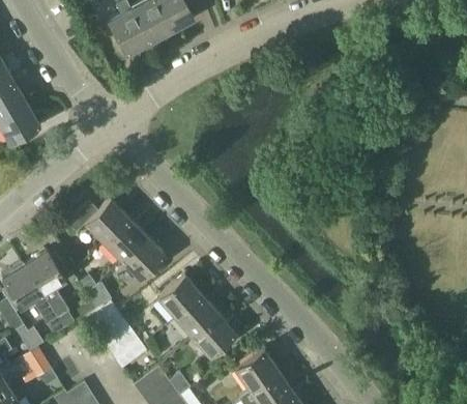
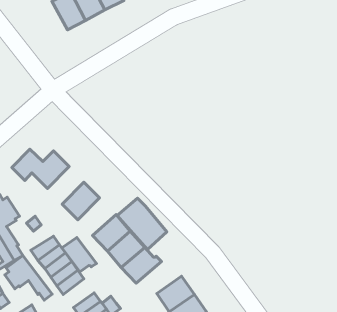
building: [104,219,147,263] -> none
building: none -> [117,198,167,249]
building: none -> [62,237,96,272]
building: none -> [5,255,52,300]

